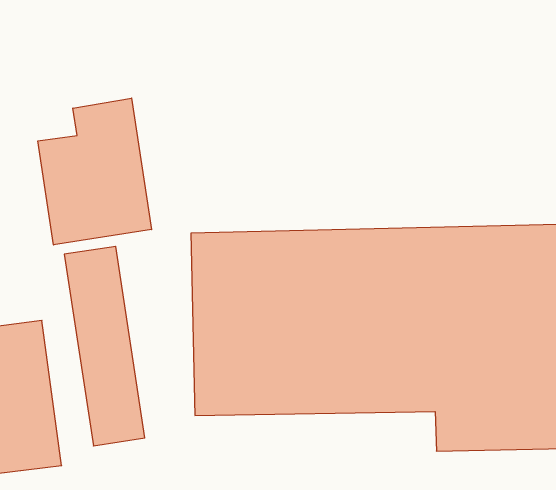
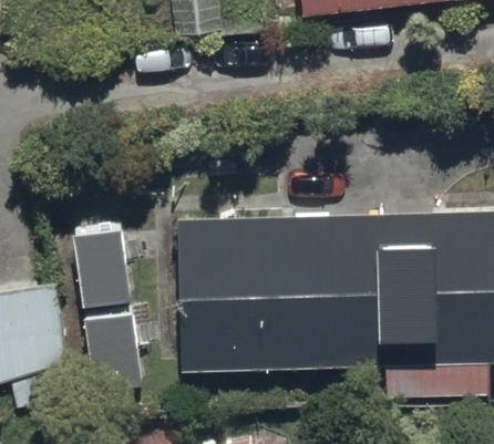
building: [38,98,152,245] -> none

